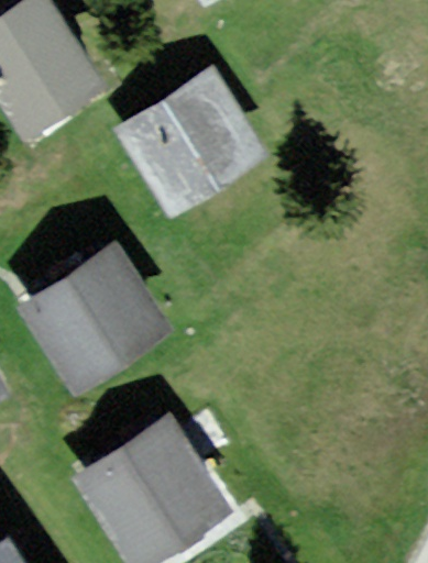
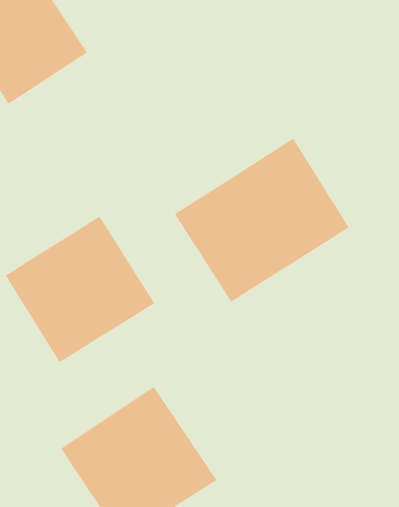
building: [117,71,265,214] -> none
building: none -> [174,138,349,303]

